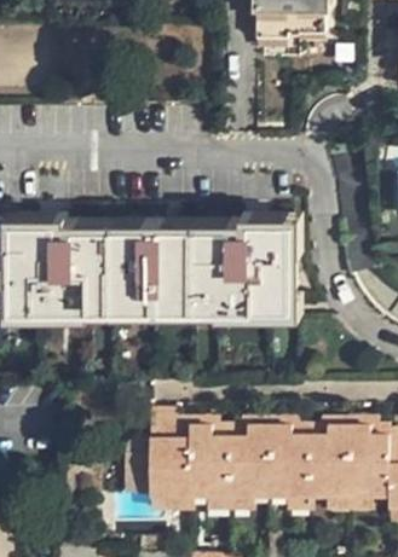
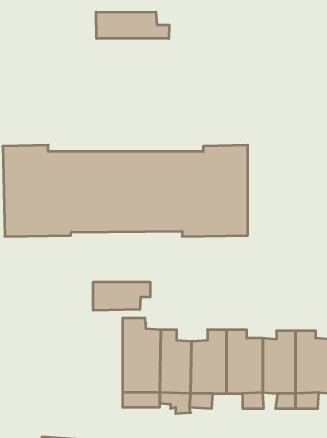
building: none -> [96,12,169,39]
building: none -> [93,282,150,310]

